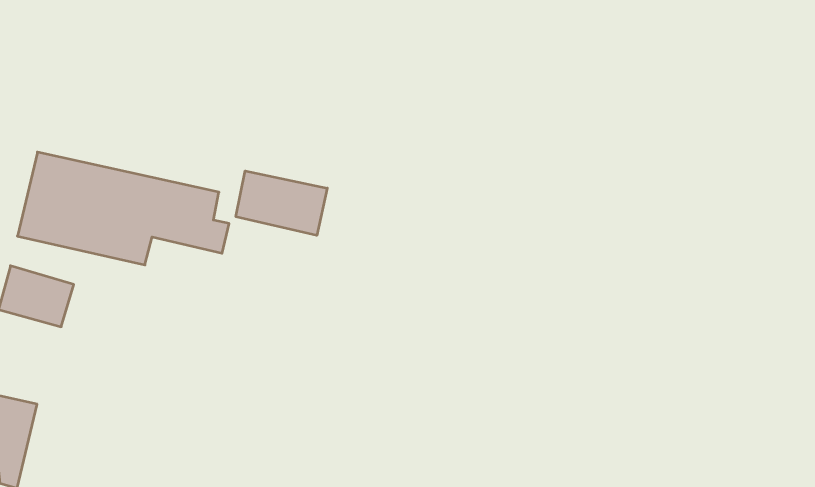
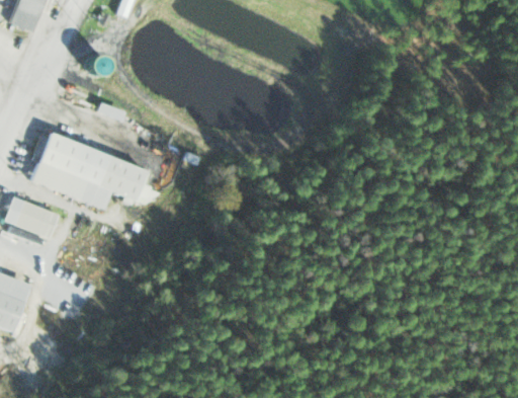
building: [236,171,327,235] -> none

